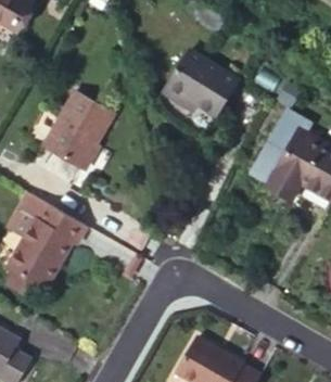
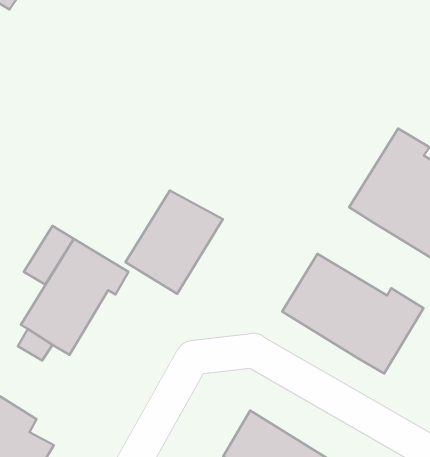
building: [157,54,237,120] -> none
building: [35,91,109,169] -> [125,191,223,294]
building: none -> [282,254,424,374]

